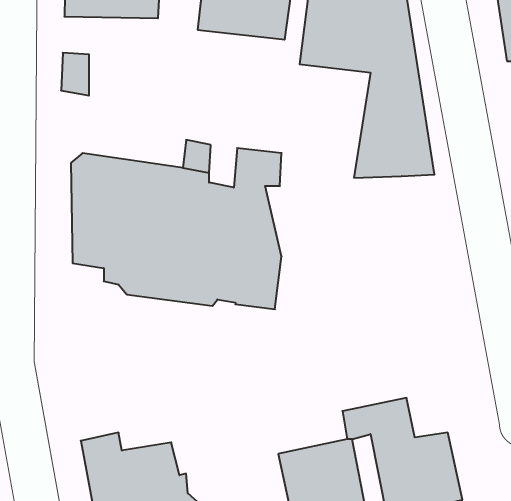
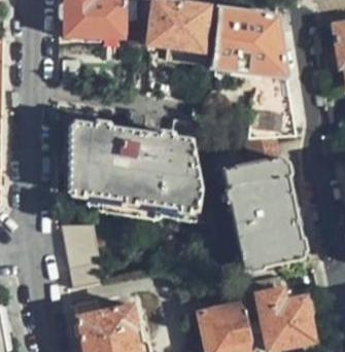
building: none -> [223,137,305,272]
building: none -> [63,218,104,287]

